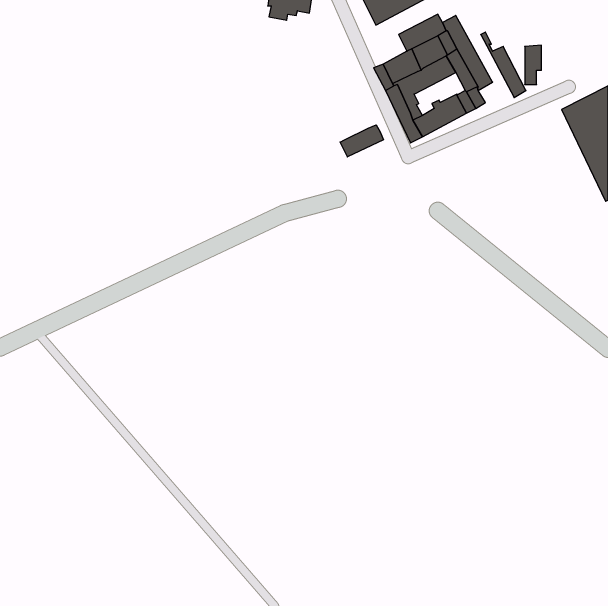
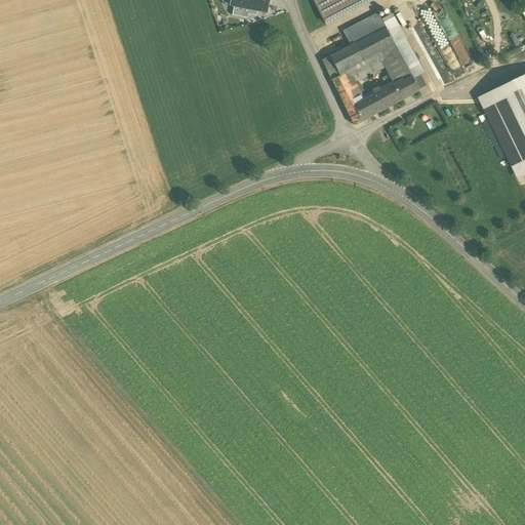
building: [340,125,383,157] -> none

